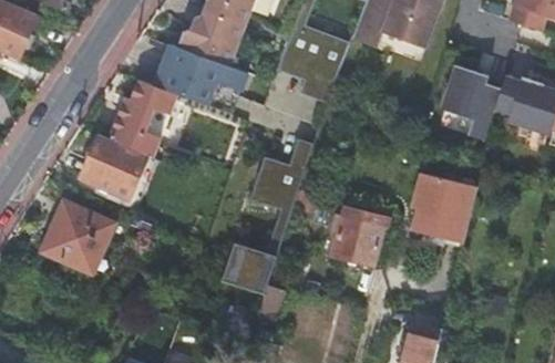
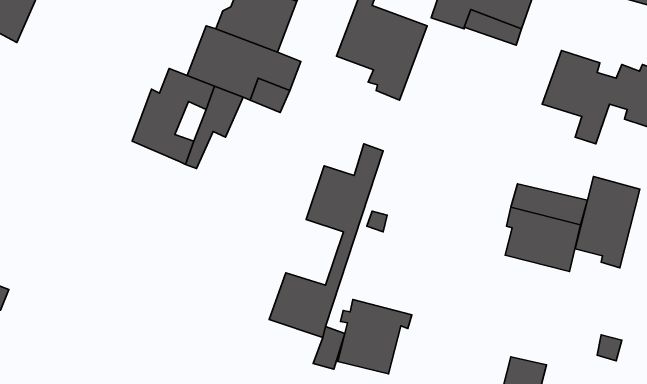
building: [80,133,148,197] -> none
building: none -> [575,176,640,268]
building: [39,200,113,274] -> none
building: [331,204,391,263] -> [338,300,412,374]

